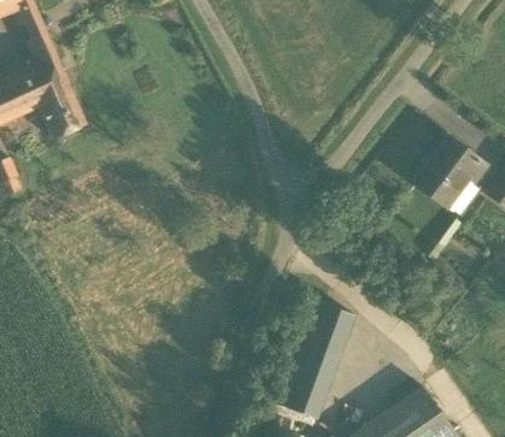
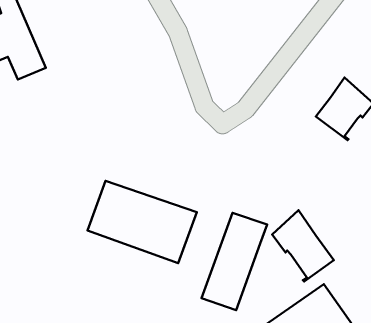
building: none -> [88,181,197,263]
building: none -> [272,210,334,281]

